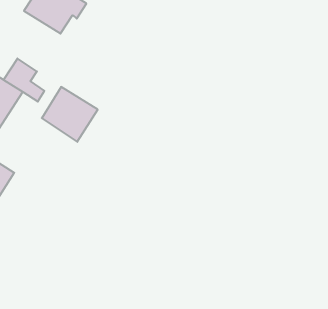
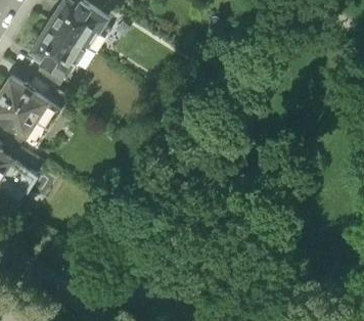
building: [42,87,98,142] -> [32,24,85,76]

